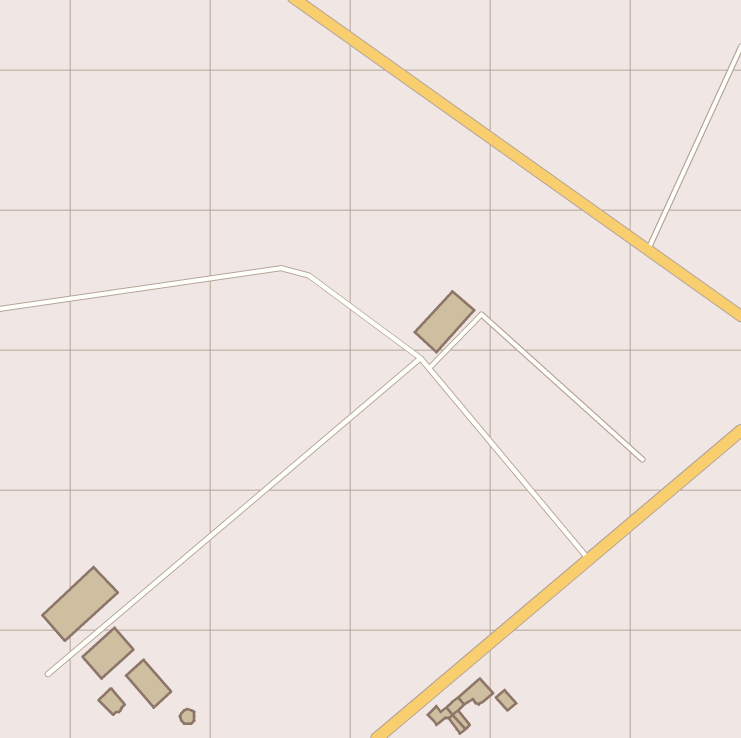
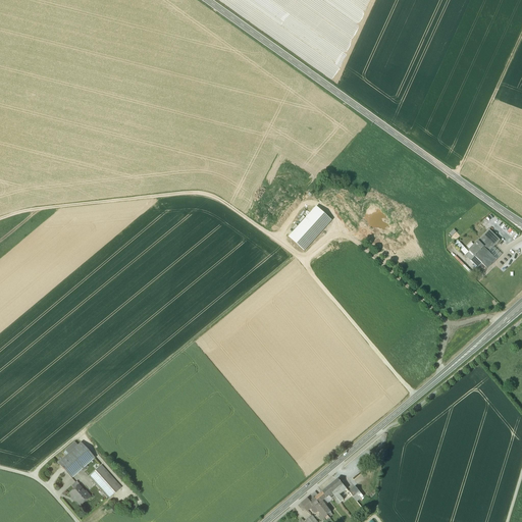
building: none -> [469,229,499,267]
building: [42,567,118,641] -> none

